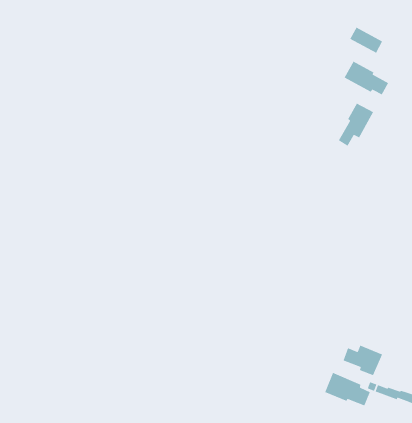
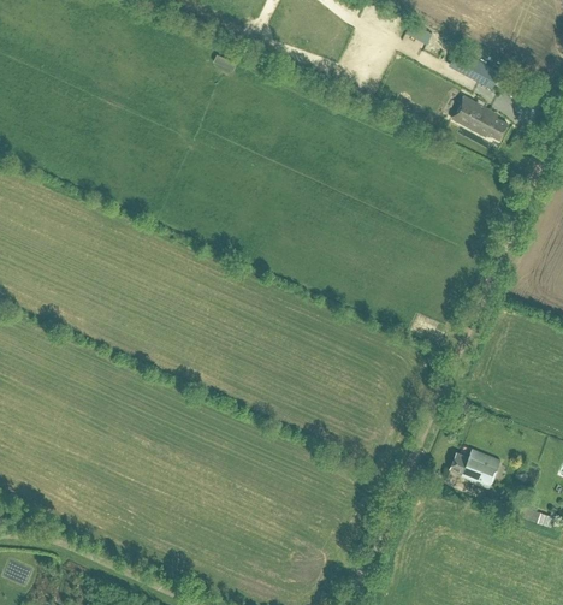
building: [338,103,374,147] -> none
building: [324,372,371,407] -> none

